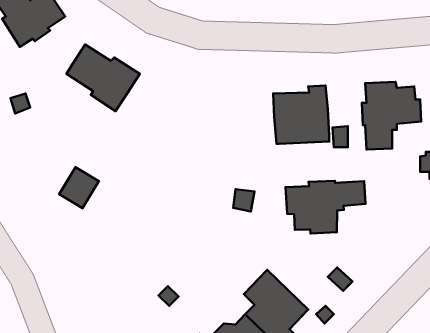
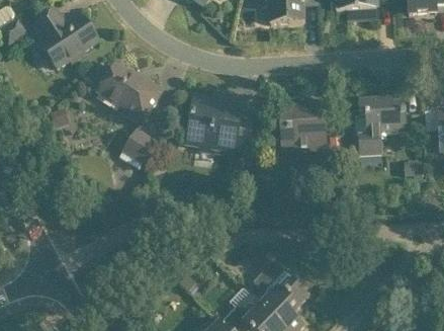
building: none -> [187,94,242,150]
building: [59,167,99,208] -> [122,128,157,163]
building: [285,181,366,234] -> none

